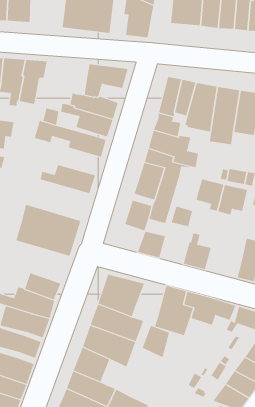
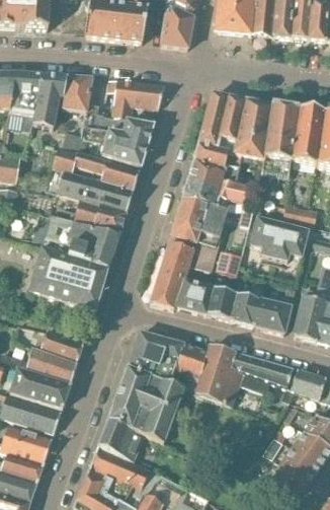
building: none -> [62,76,98,128]
building: none -> [57,171,133,213]
building: none -> [32,213,118,268]
building: none -> [151,272,184,309]
building: none -> [202,276,237,319]
building: none -> [257,300,291,333]
building: [142,325,170,358] -> [174,343,208,382]

